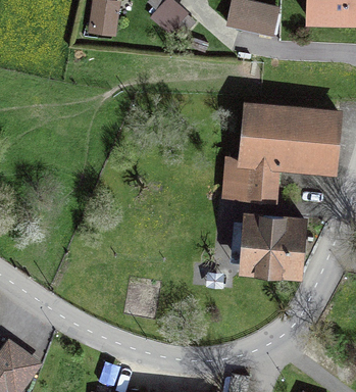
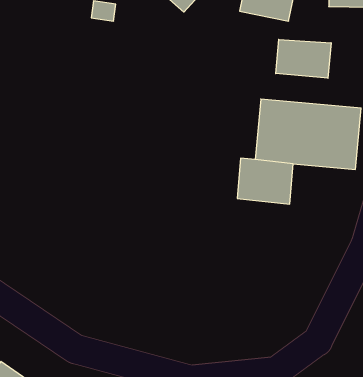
building: none -> [276,39,331,78]
building: [242,214,304,273] -> none

